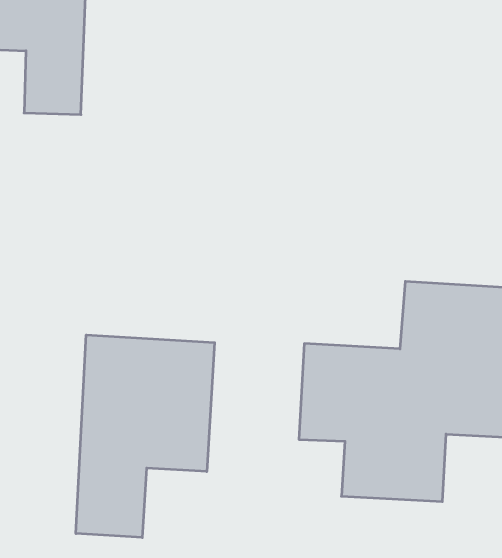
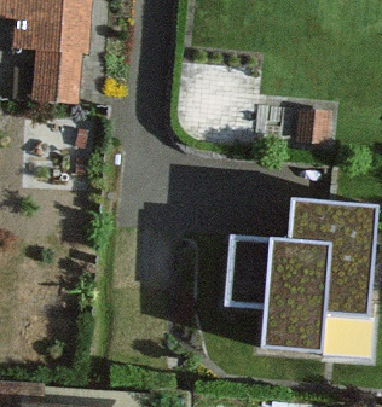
building: [76,335,215,538] -> none

